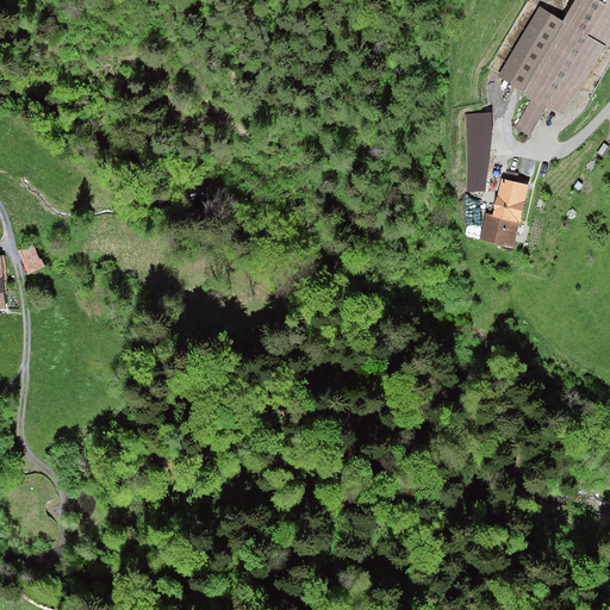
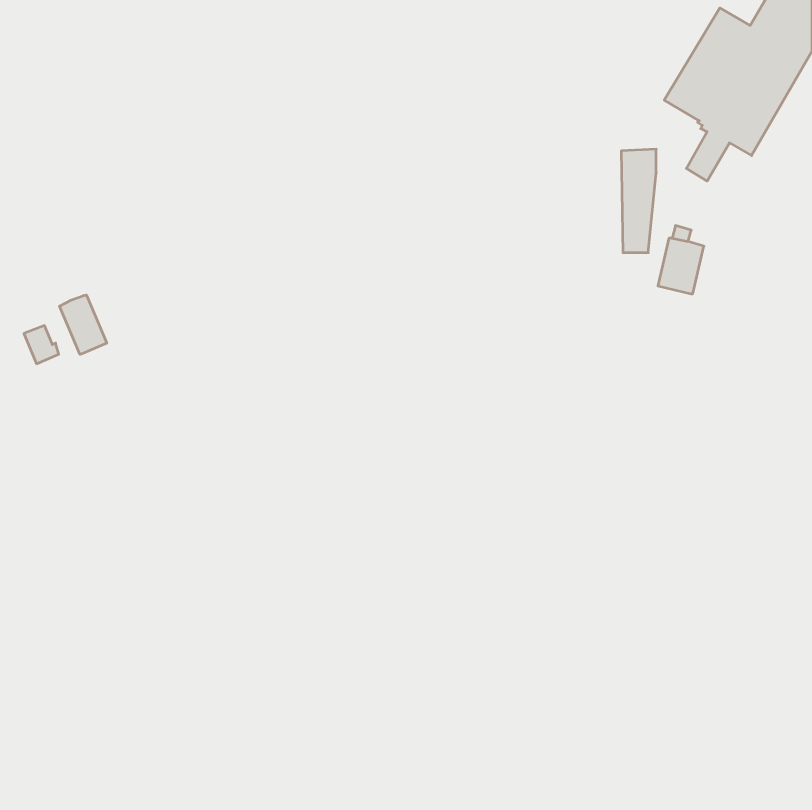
building: [479,213,518,245] -> none
building: none -> [60,295,107,354]

